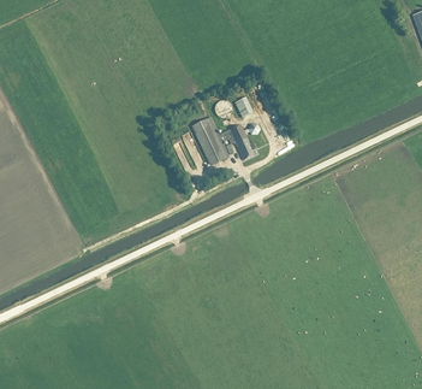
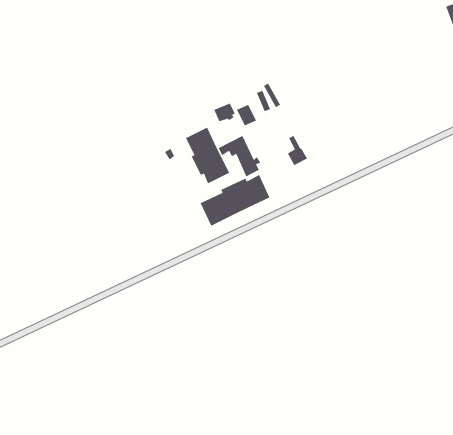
building: none -> [200,174,271,227]

